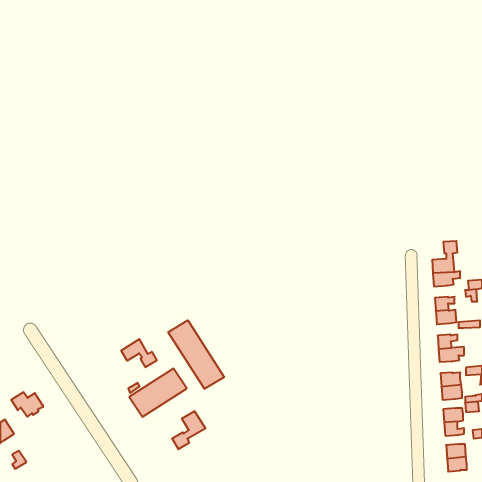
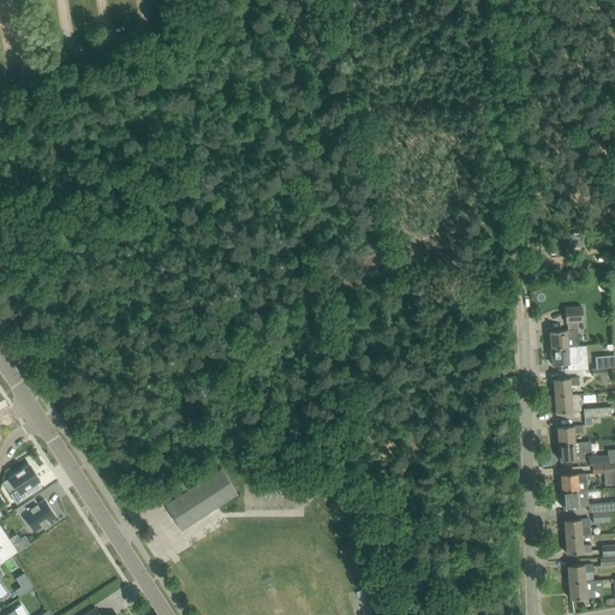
building: [168,320,224,389] -> none
building: [121,339,157,367] -> none
building: none -> [10,466,42,506]
building: [172,411,205,449] -> none

